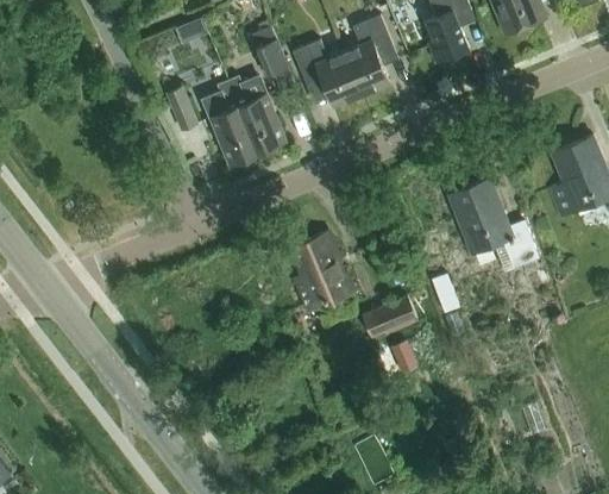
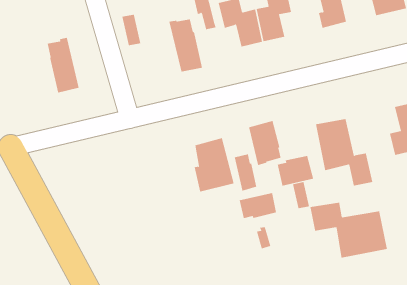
building: [205,87,258,164] -> [47,37,80,93]
building: none -> [249,120,281,166]
building: none -> [277,155,314,186]
building: none -> [234,154,257,191]
building: none -> [310,202,388,259]

